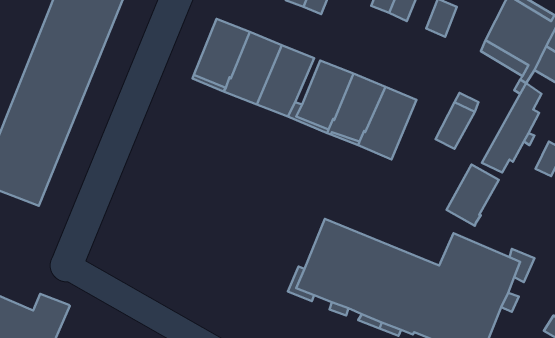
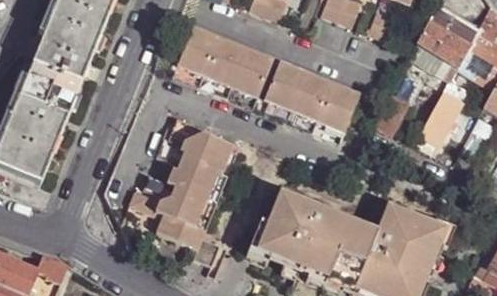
building: none -> [131,117,235,264]
building: [447,165,499,226] -> none

